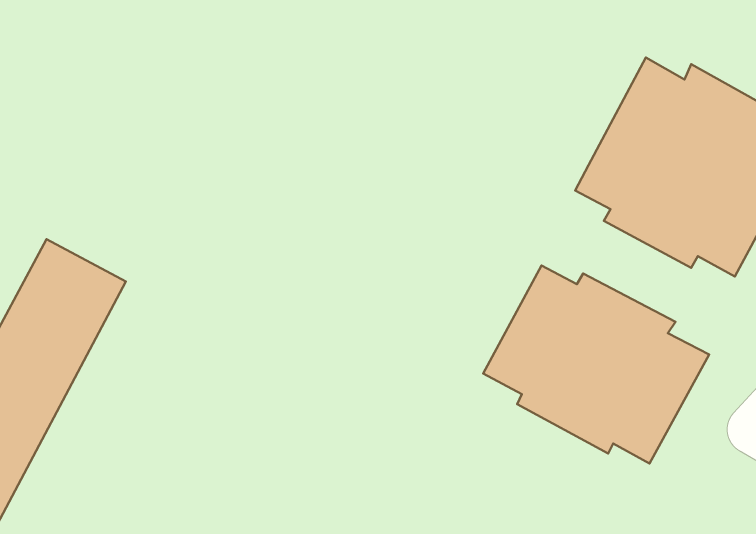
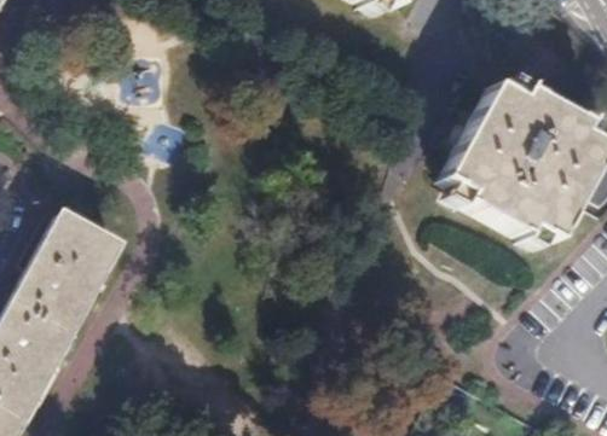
building: [483,265,709,463] -> none

